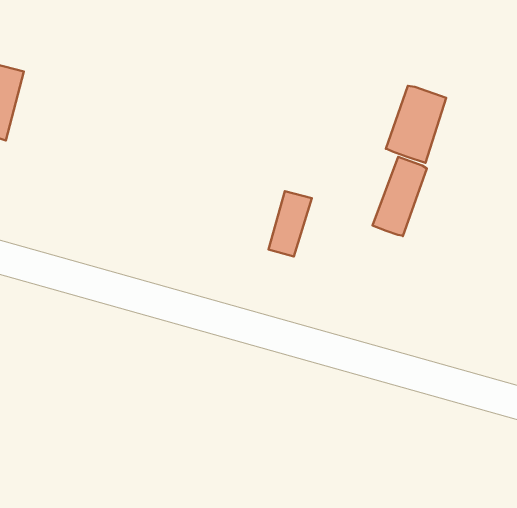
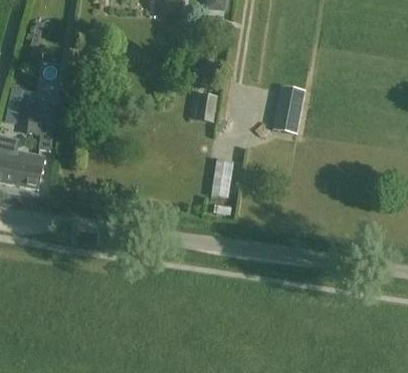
building: none -> [195,91,217,122]
building: [372,157,427,236] -> none

